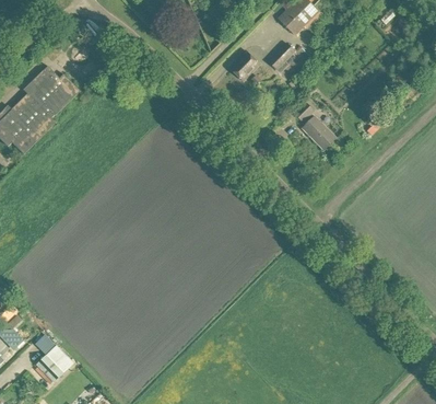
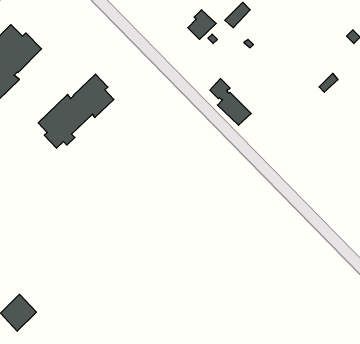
building: [293,101,335,149] -> [210,79,251,125]
building: none -> [38,74,114,148]

